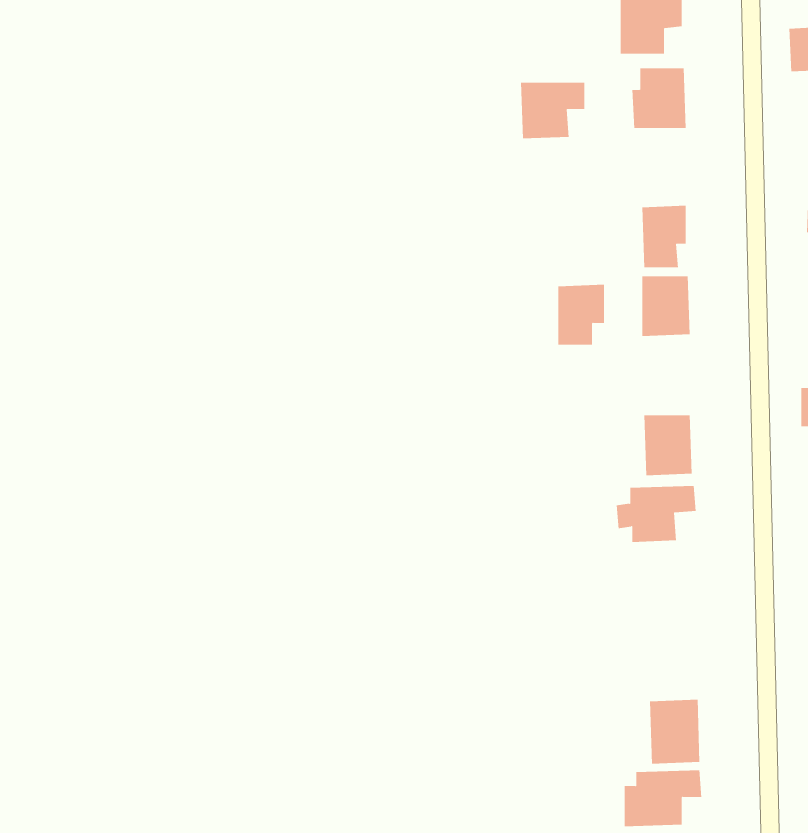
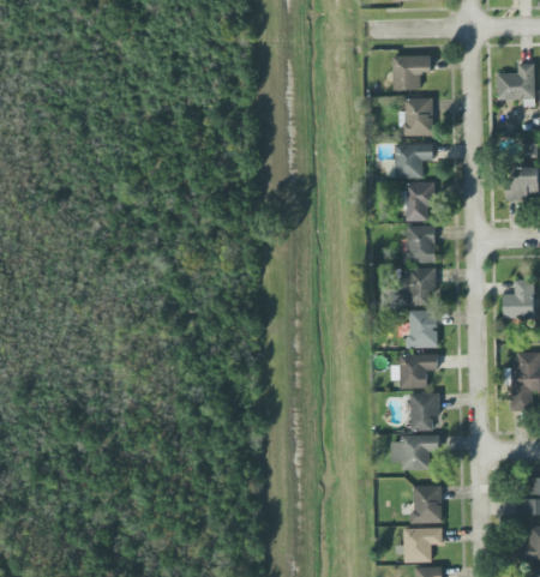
building: [520,82,585,139] -> [395,144,434,179]
building: [558,284,605,345] -> [408,268,437,305]
building: none -> [412,393,440,431]
building: none -> [391,435,442,469]

